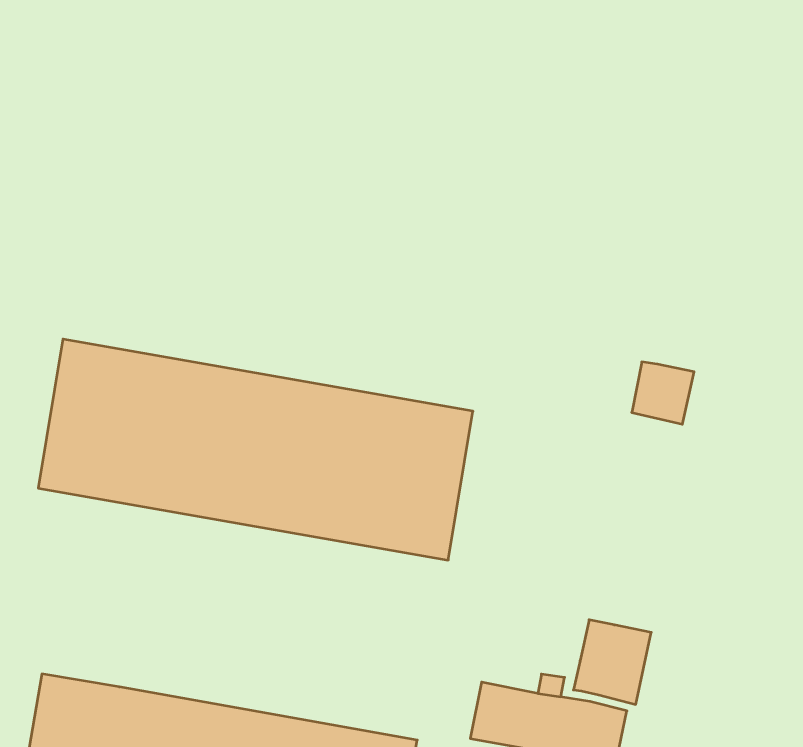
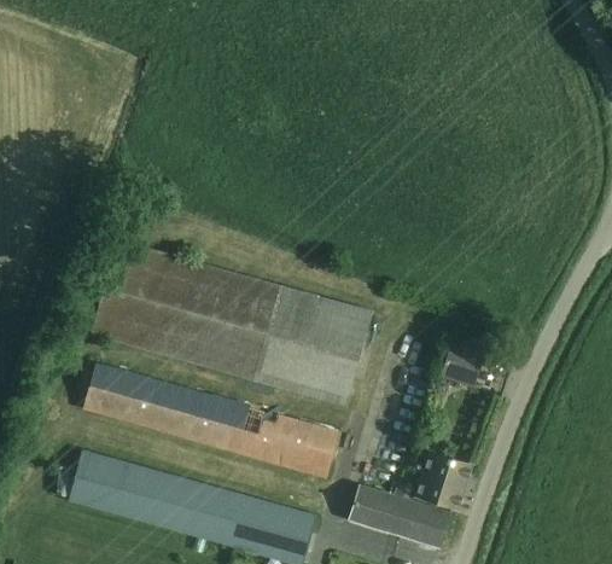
building: [632,362,694,424] -> [441,342,483,384]
building: none -> [83,362,339,475]

